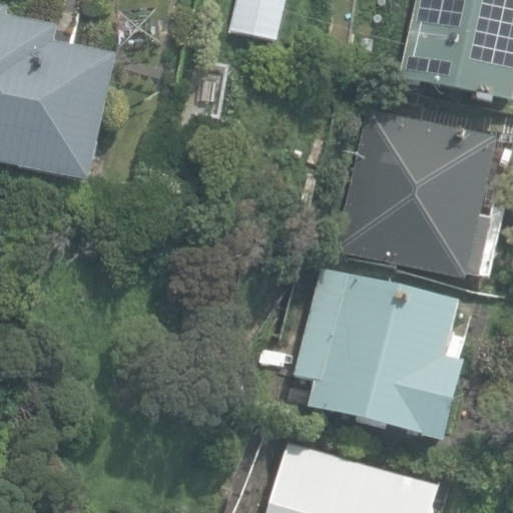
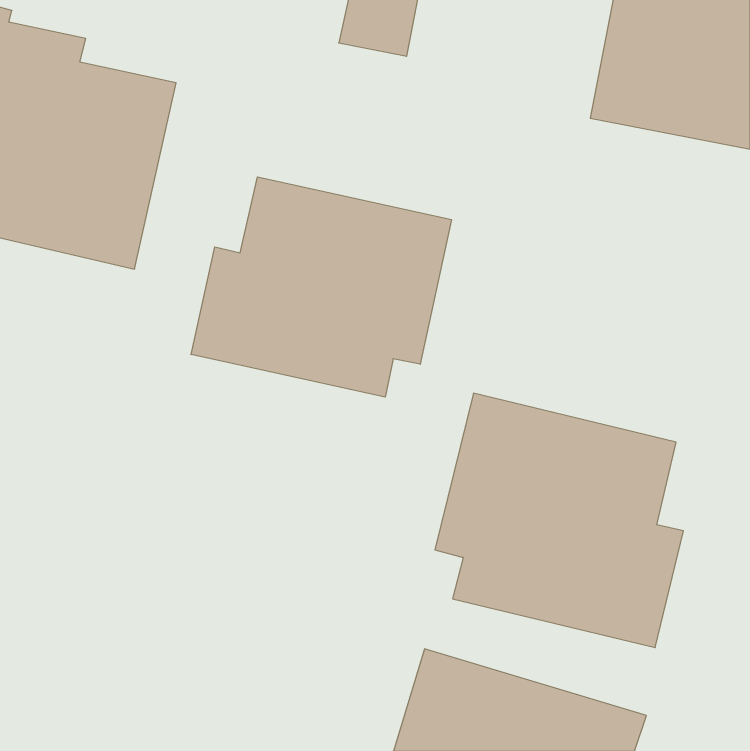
building: [335,108,497,278] -> none
building: none -> [191,177,451,397]

